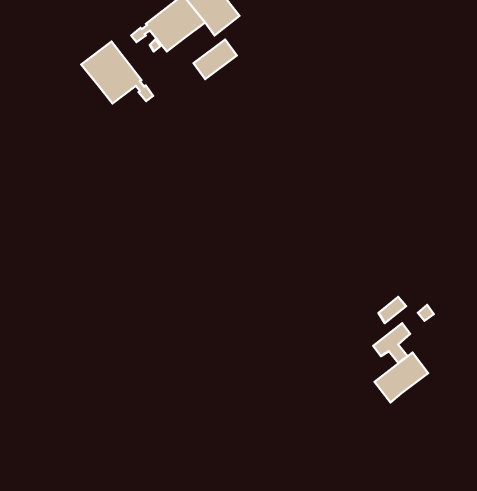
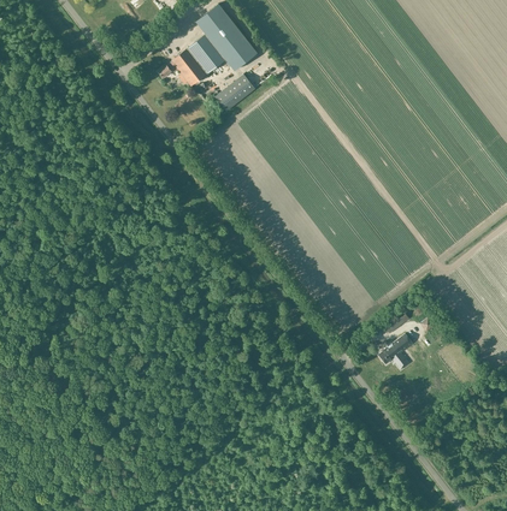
building: [81,41,153,103] -> none
building: [375,352,428,403] -> none

